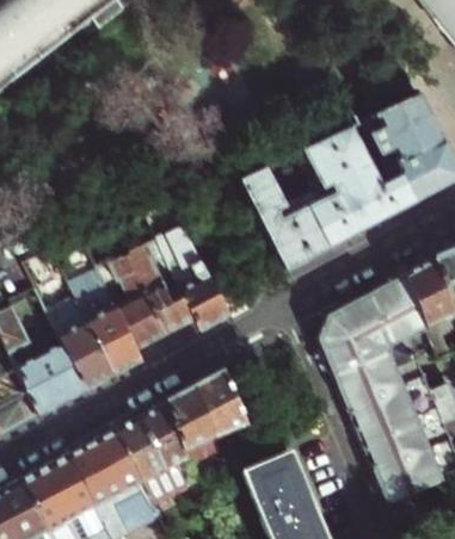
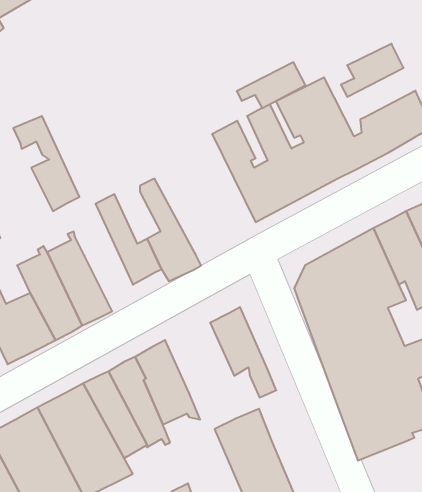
building: [375,116,443,161] -> [237,62,305,108]
building: [97,250,162,345] -> [13,116,79,211]
building: [195,370,260,459] -> [210,307,276,397]

